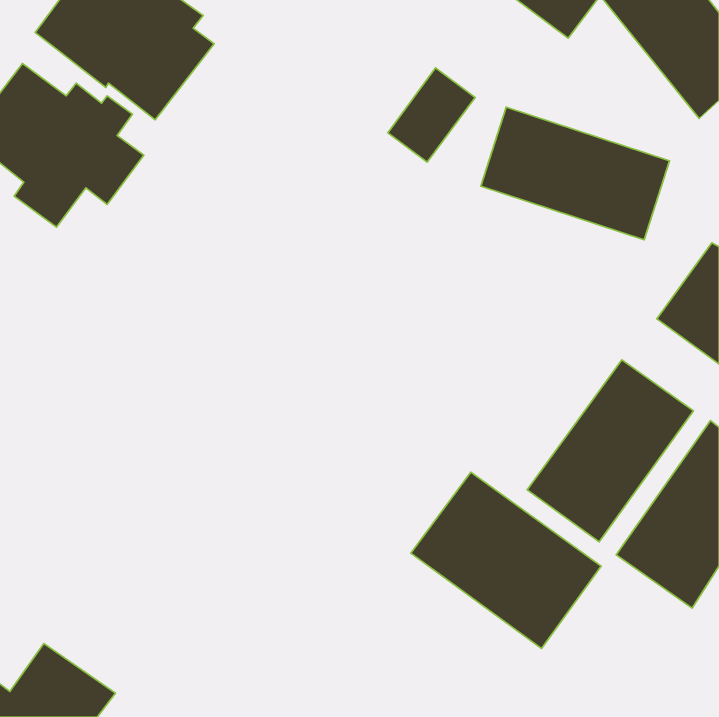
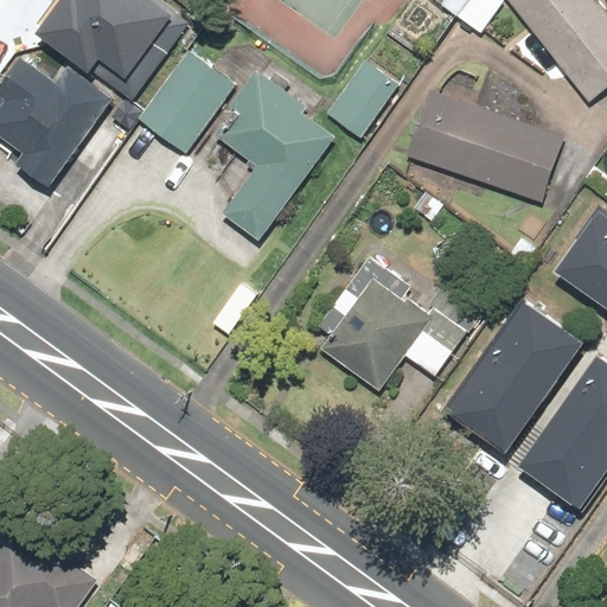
building: none -> [138,45,236,152]
building: none -> [222,70,333,241]
building: none -> [315,277,468,390]
building: [411,472,601,649] -> none

